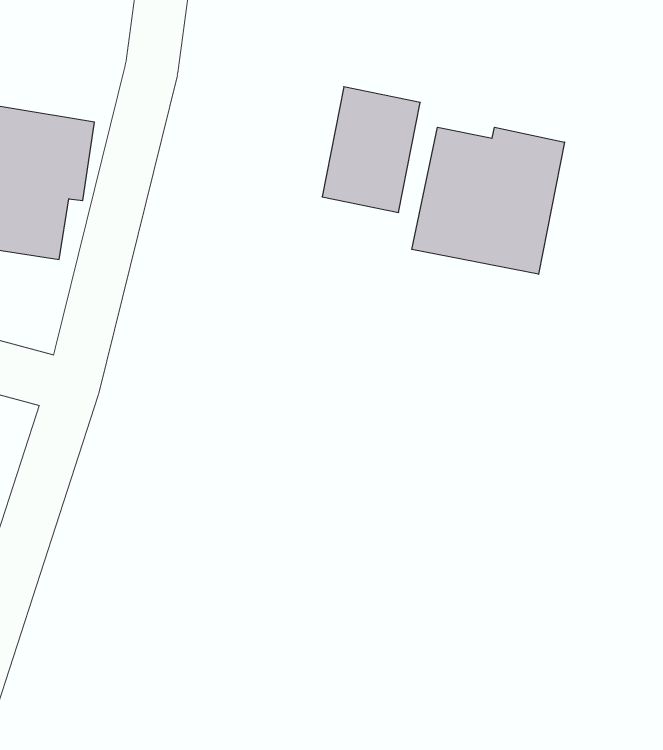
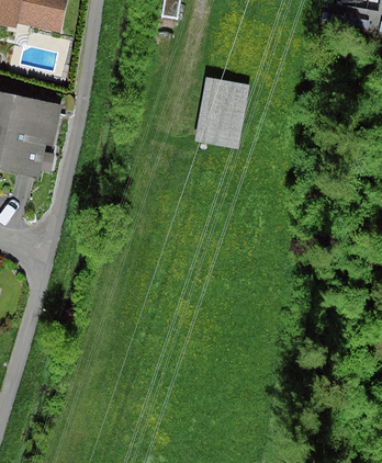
building: [412,127,565,274] -> none

